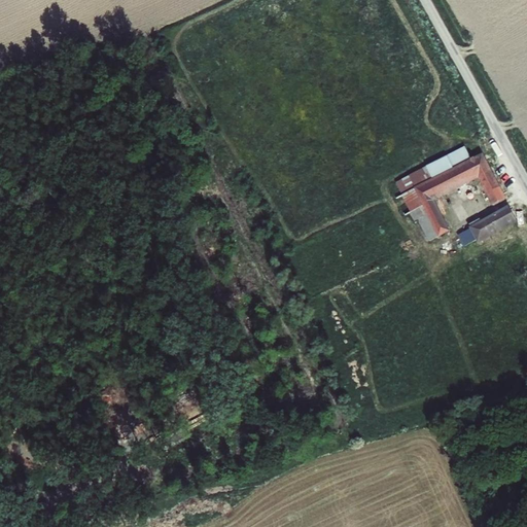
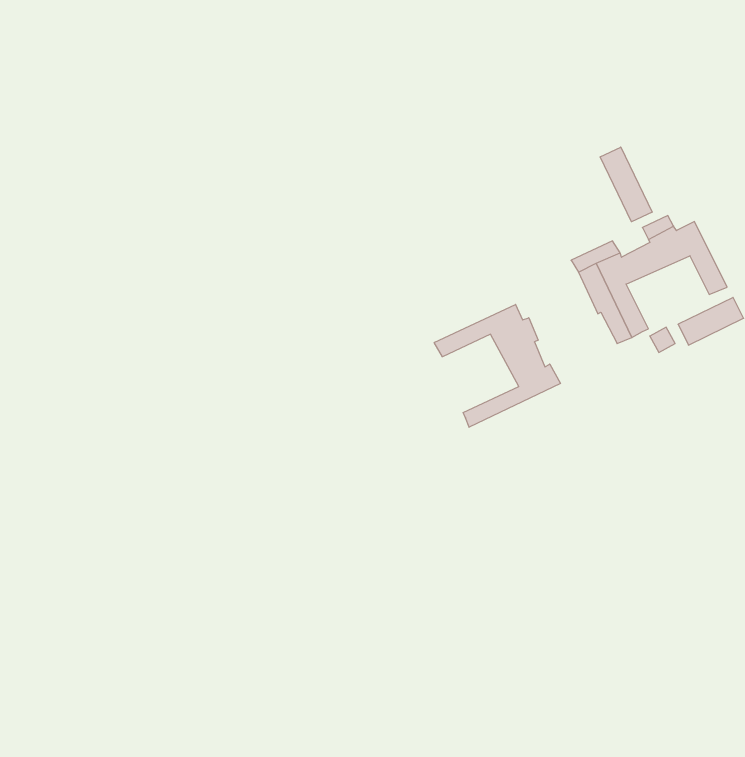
building: none -> [600,147,652,222]
building: none -> [434,304,560,427]

